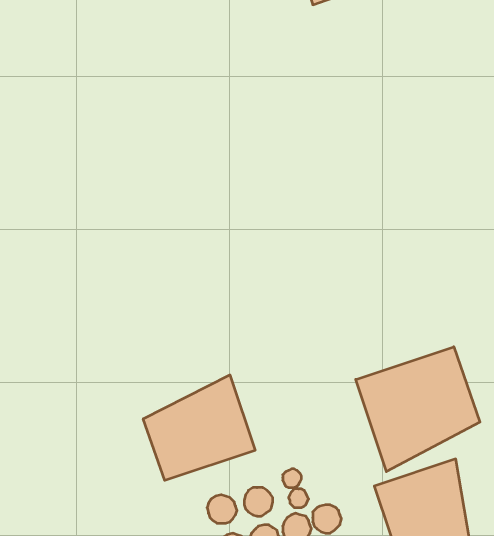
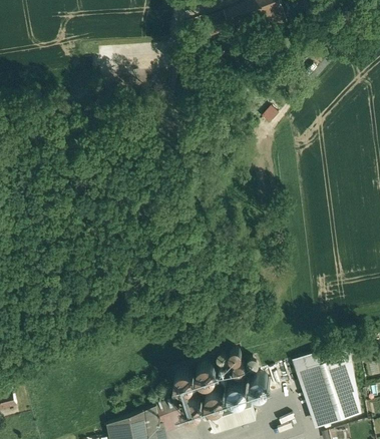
building: [356,347,480,472] -> none
building: [143,375,255,480] -> none

